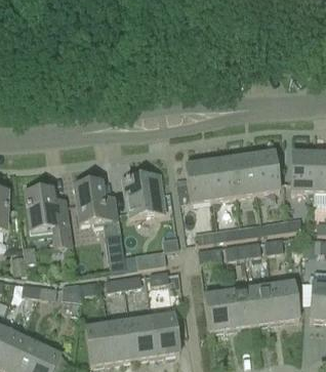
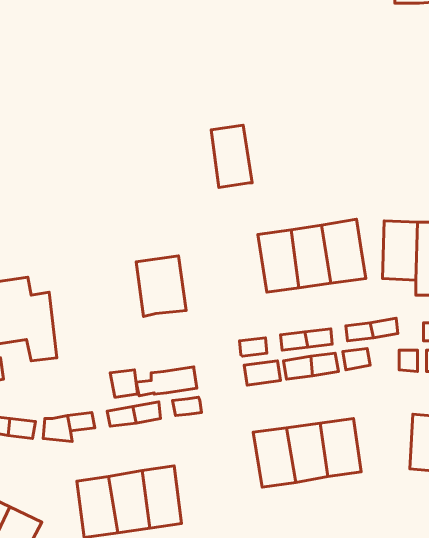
building: [186,161,213,203] -> [211,125,252,188]
building: [74,182,121,235] -> none
building: [272,281,299,321] -> none
building: [151,314,179,356] -> none

